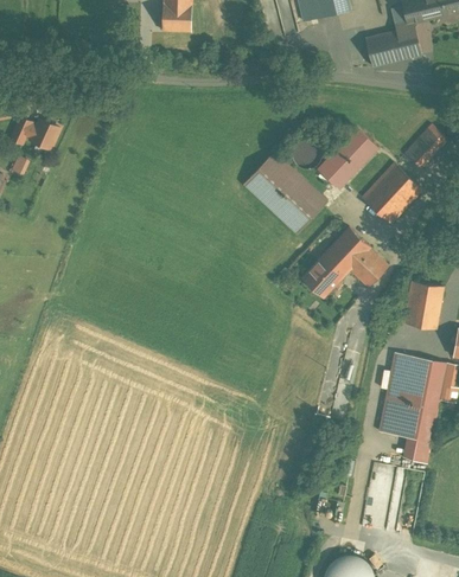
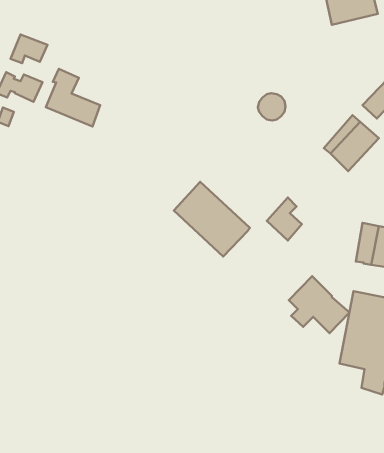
building: none -> [11,35,47,63]
building: none -> [46,69,100,126]
building: [317,127,377,188] -> none
building: [244,152,326,232] -> [174,182,250,257]
building: [324,225,389,287] -> [289,276,349,333]

